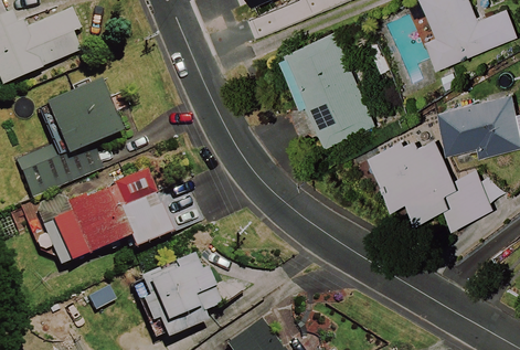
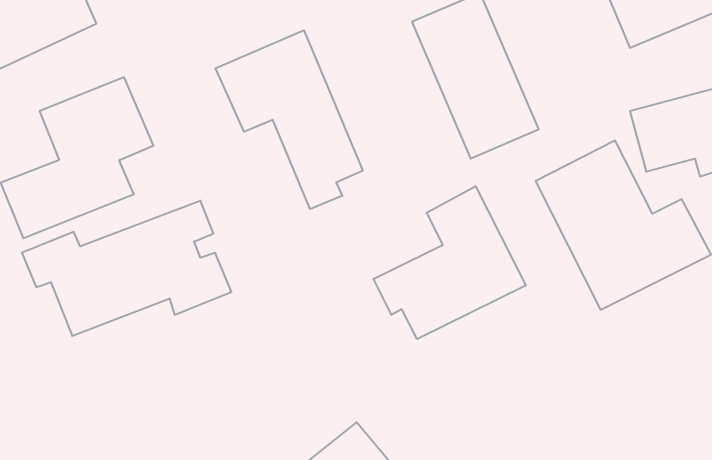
building: none -> [215,30,363,209]
building: none -> [374,186,526,339]
building: [134,255,216,338] -> none

